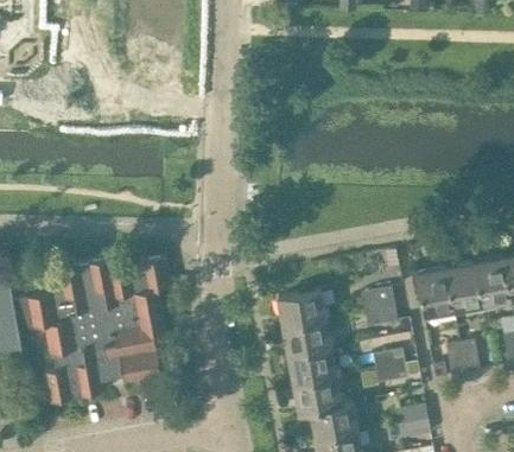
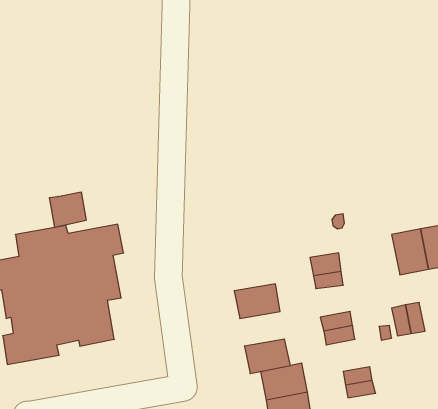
building: none -> [50,192,86,227]
building: [418,269,455,317] -> none
building: [279,289,326,327] -> none
building: [290,349,336,384] -> none

